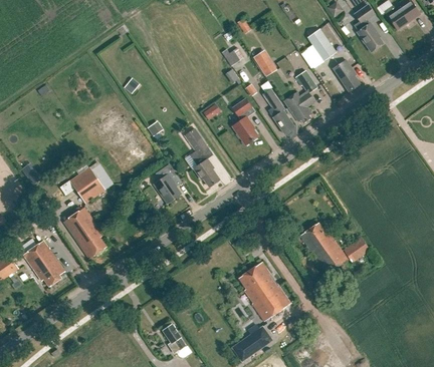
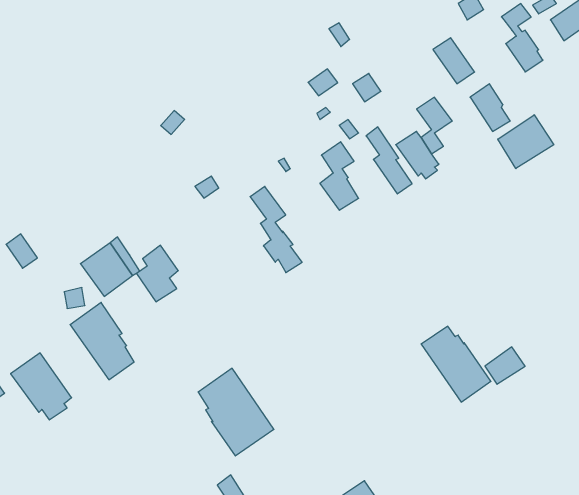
building: none -> [498,115,554,169]
building: [153,164,181,203] -> [137,245,178,302]
building: [238,262,289,321] -> [198,368,274,456]

